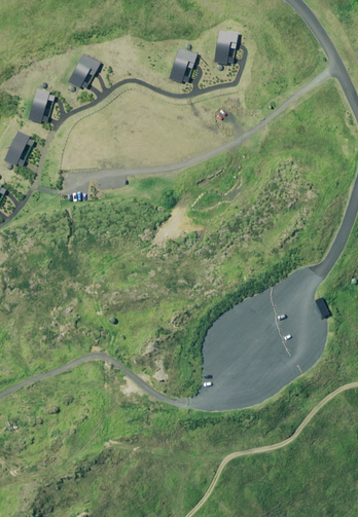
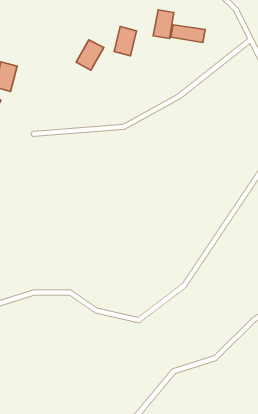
building: none -> [171,25,205,43]
building: [65,51,98,87] -> [76,40,104,70]

